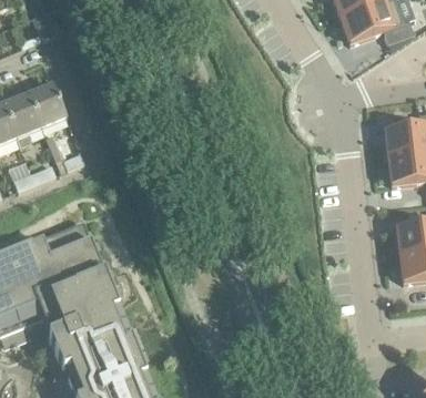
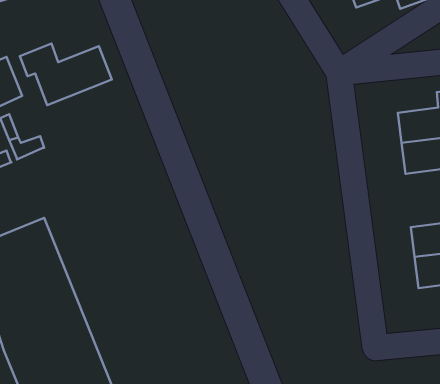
building: none -> [20,43,112,105]

